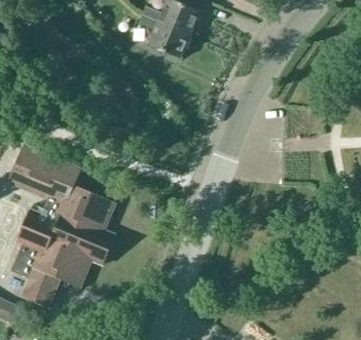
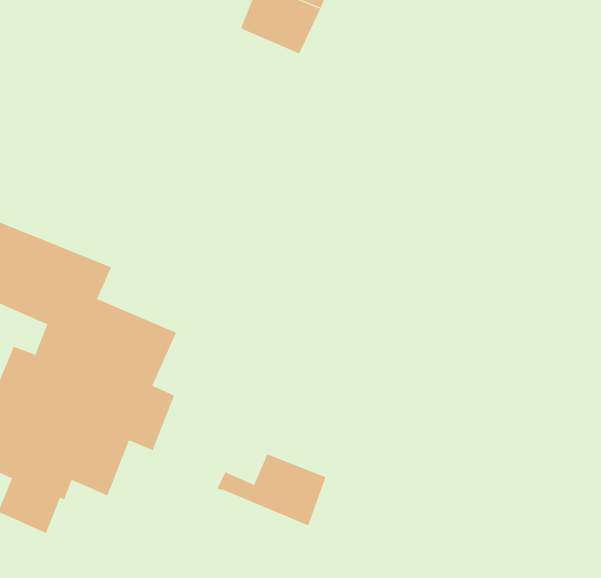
building: none -> [216,453,326,526]

